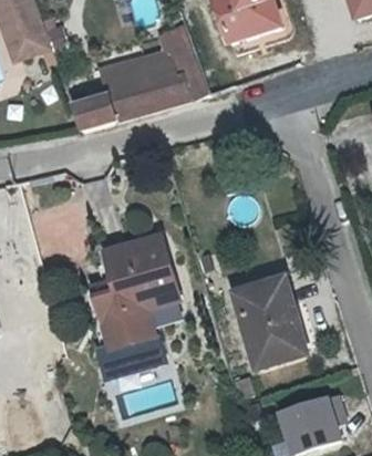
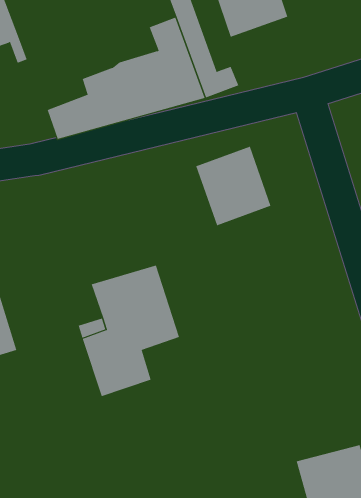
building: none -> [196,146,271,226]
building: [239,280,309,367] -> none

